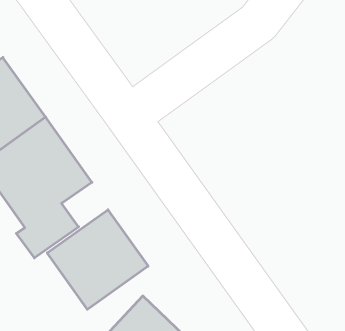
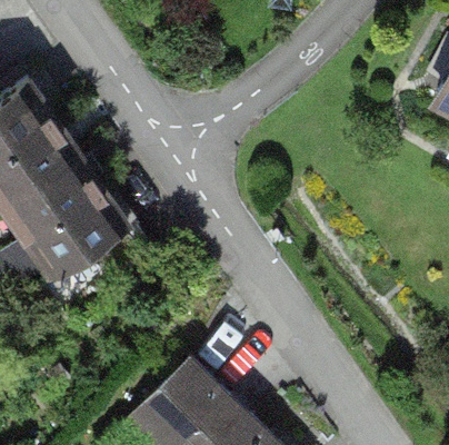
building: [47,210,148,309] -> none

